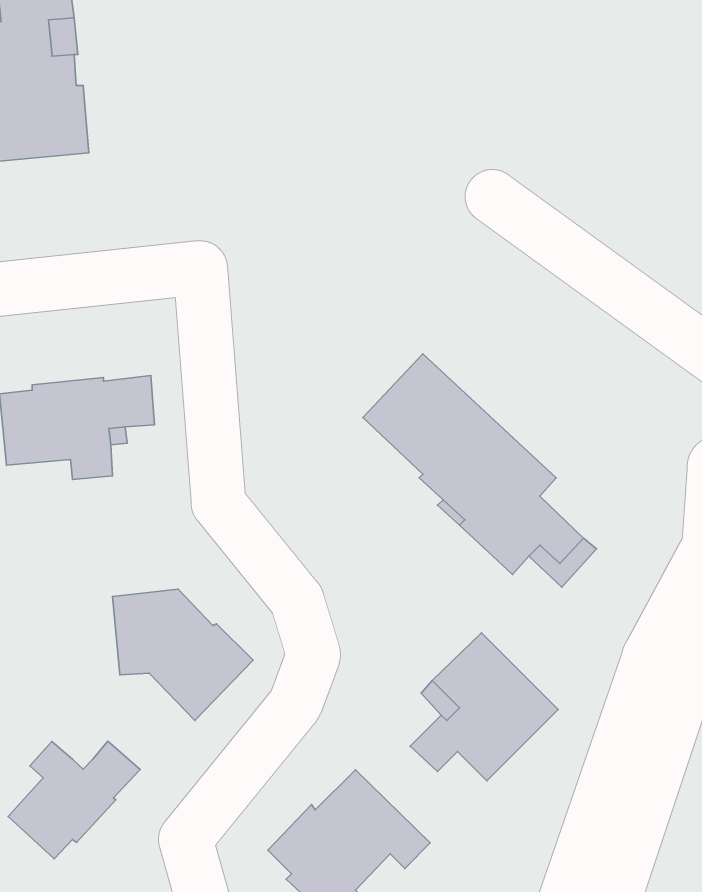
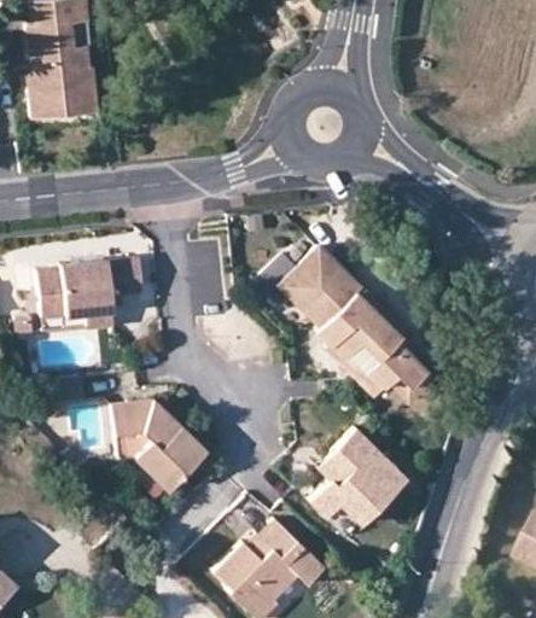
building: [8,741,140,859] -> none

